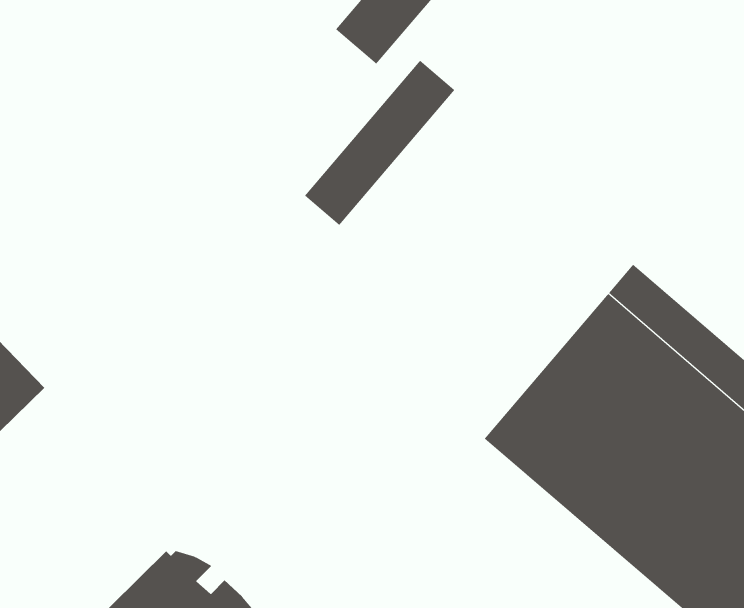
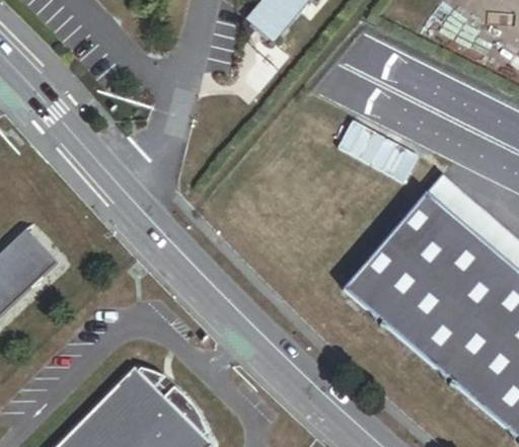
building: [304,60,455,226] -> none

